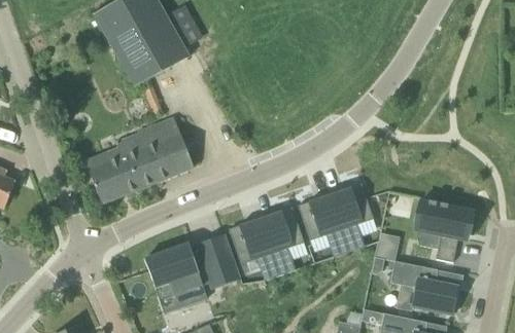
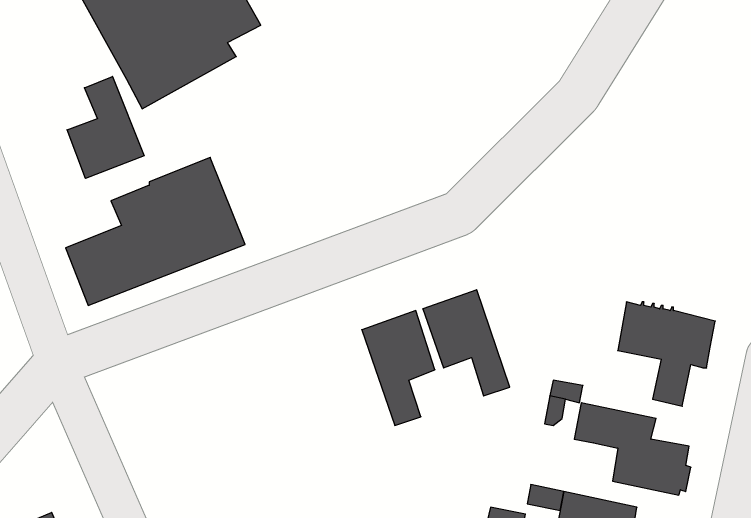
building: none -> [67,76,144,178]
building: [331,183,374,251] -> none
building: [231,217,282,279] -> none
building: [144,234,239,306] -> none

